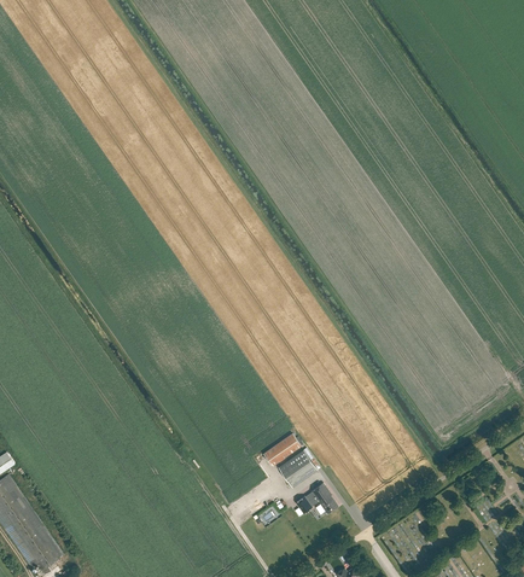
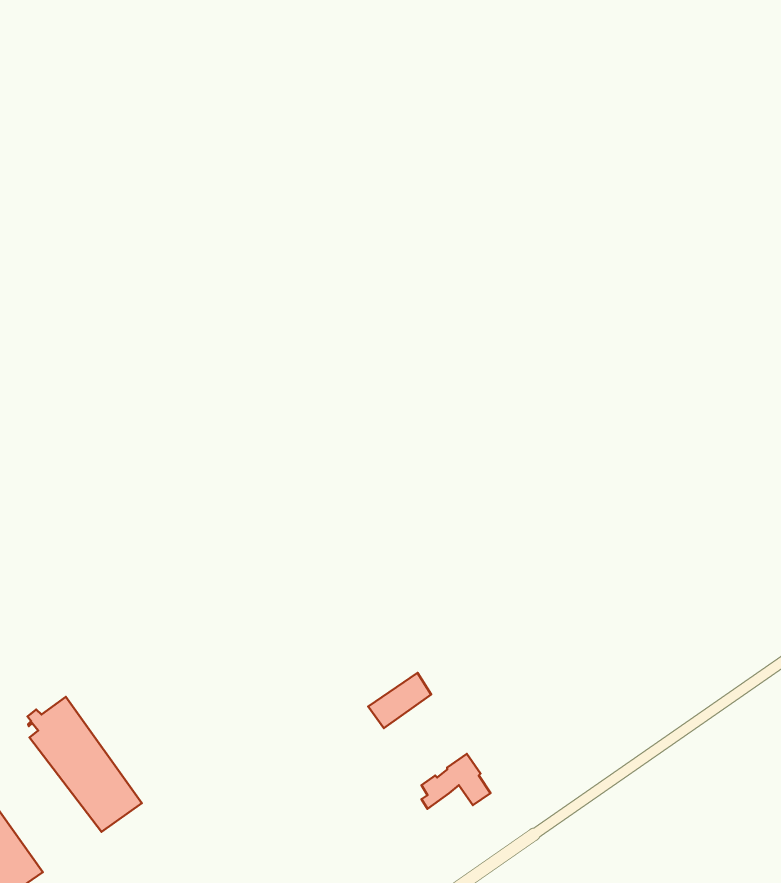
building: none -> [28,697,142,832]
building: [279,448,319,486] -> none

